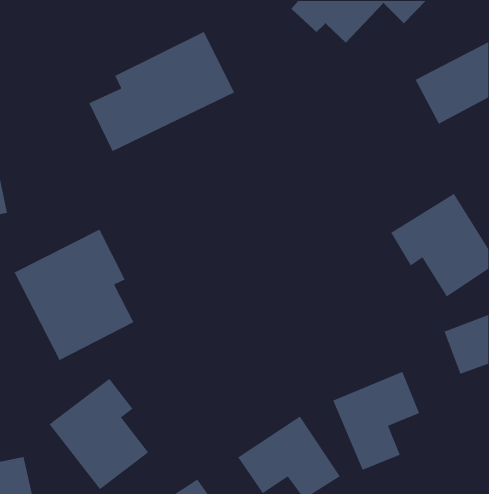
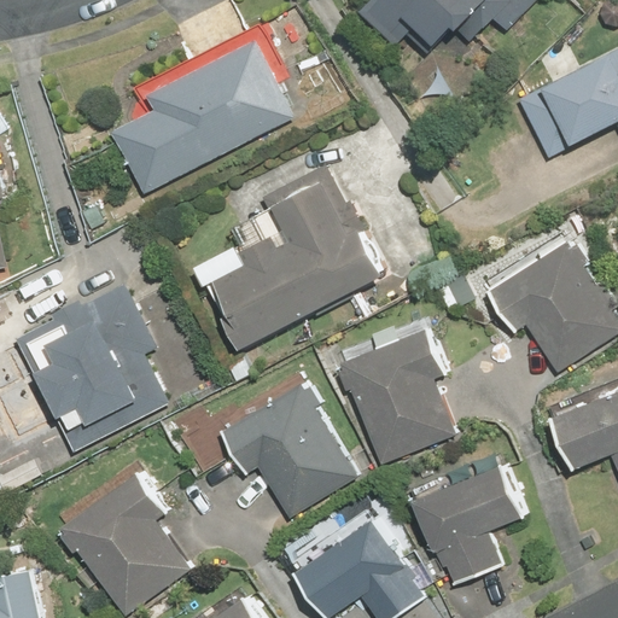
building: none -> [204,181,383,349]
building: none -> [339,330,453,462]
building: none -> [220,381,358,520]

